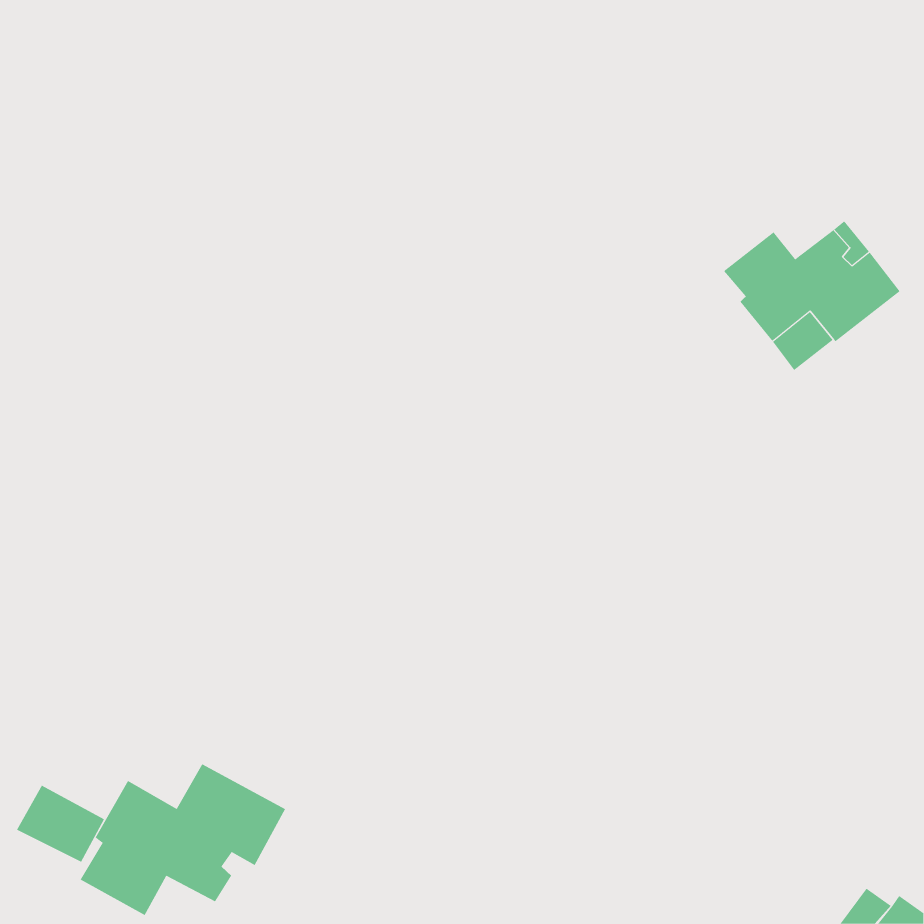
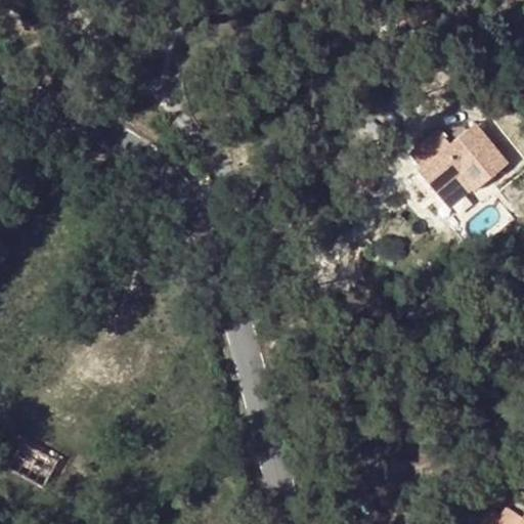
building: [80,763,286,916] -> none

